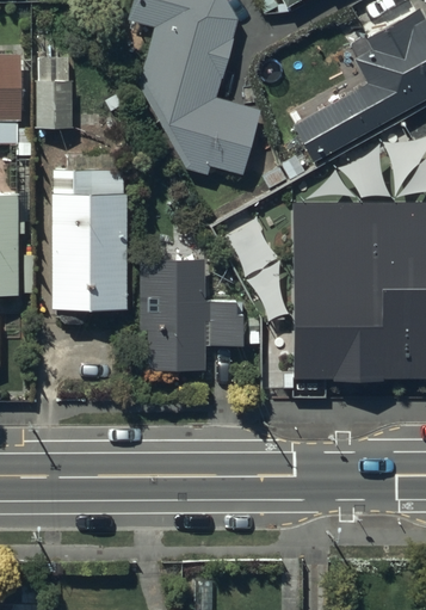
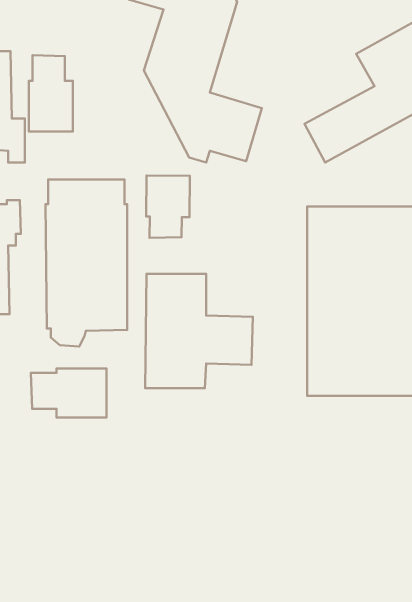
building: none -> [146,175,190,238]
building: none -> [31,369,107,417]

